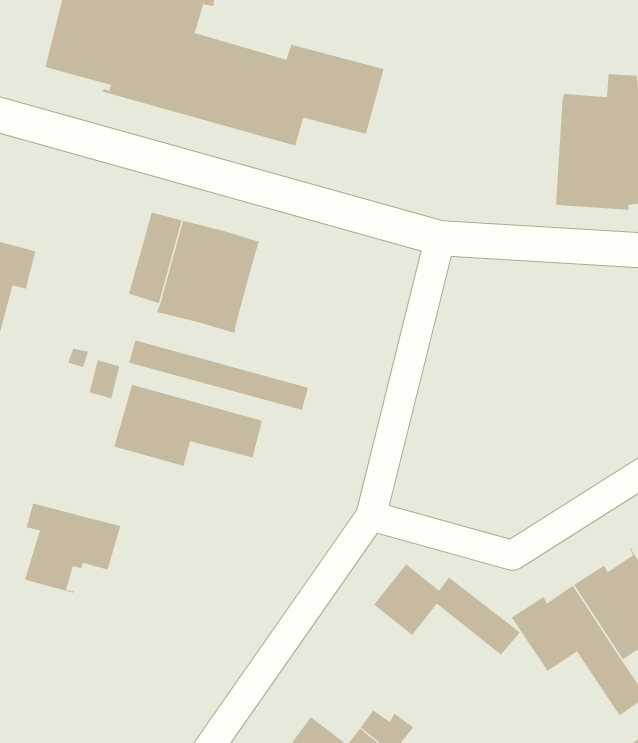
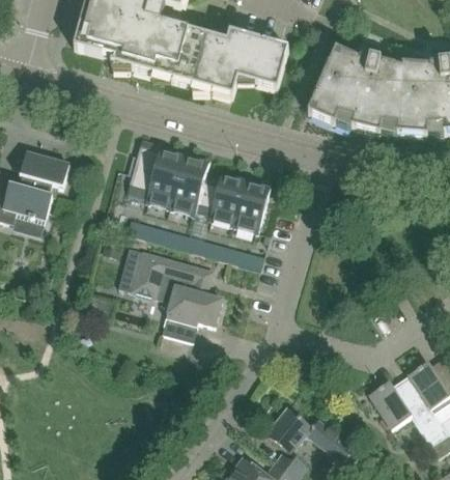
building: none -> [308,46,401,138]
building: none -> [196,173,271,233]
building: [24,503,121,593] -> [162,284,223,341]
building: [373,563,521,655] -> [266,407,360,465]

